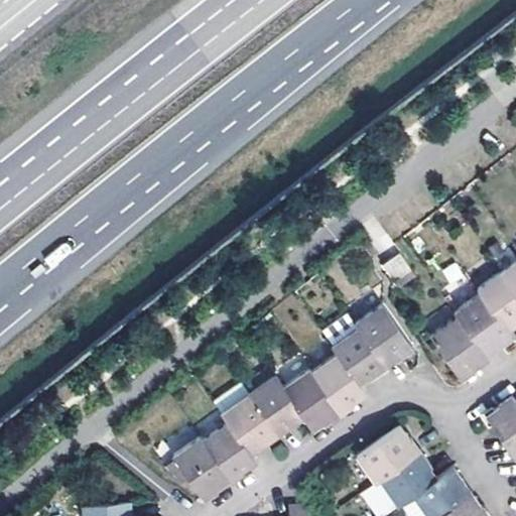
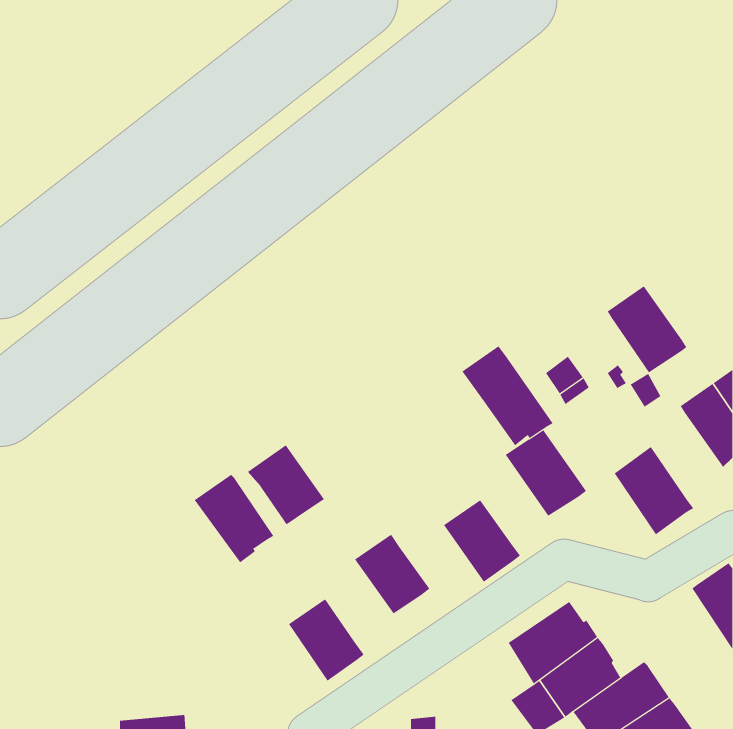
building: [455,293,511,355] -> [607,286,687,373]
building: [322,314,387,385] -> [462,346,553,446]
building: [281,368,340,431] -> none
building: [222,396,276,453] -> [247,445,325,525]
building: [173,438,230,501] -> [194,474,274,563]

